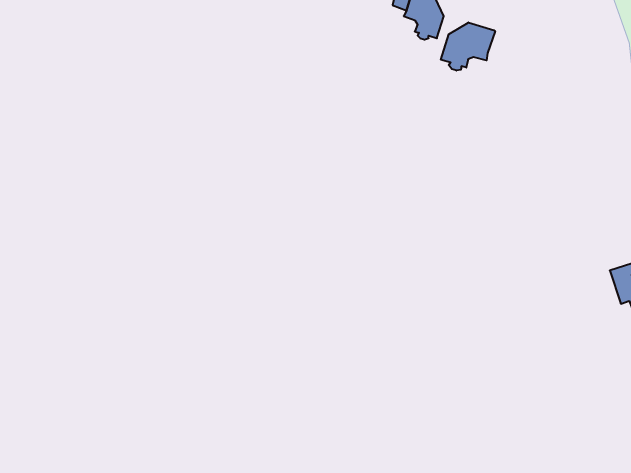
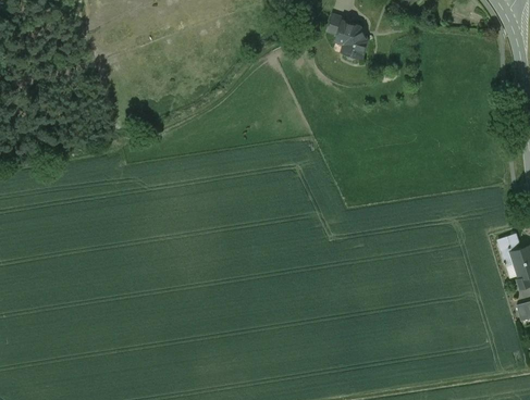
building: [441,22,495,71] -> none

